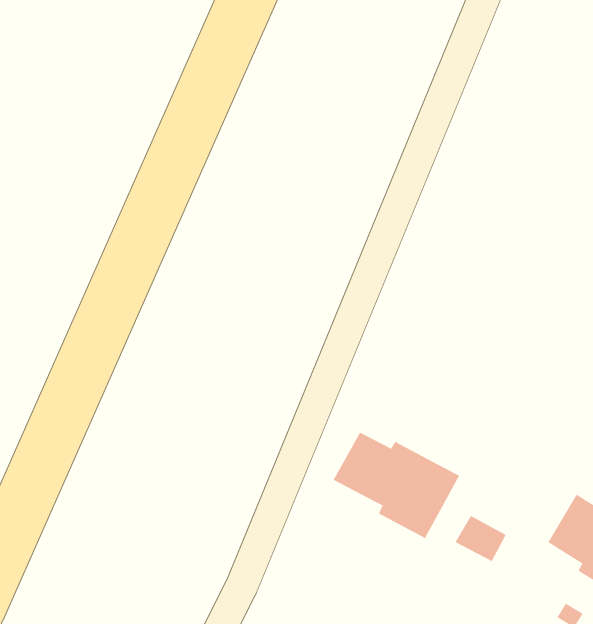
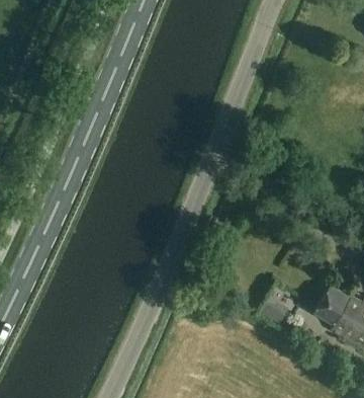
building: [333,432,460,539] -> none

